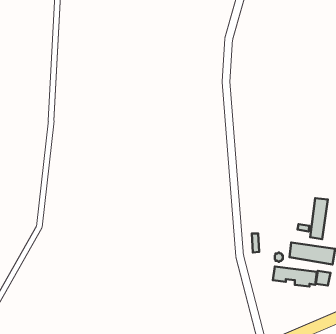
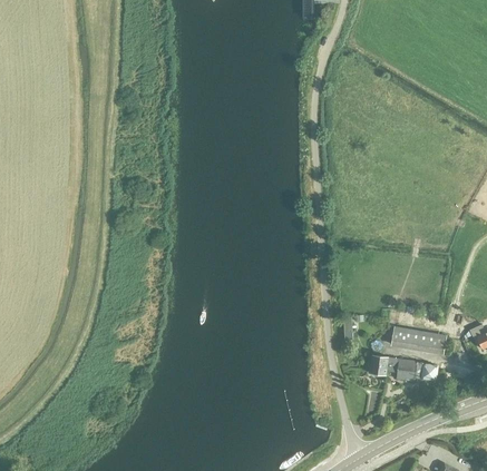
building: [310,198,328,239] -> none

